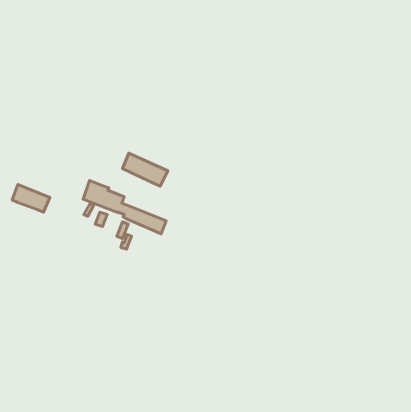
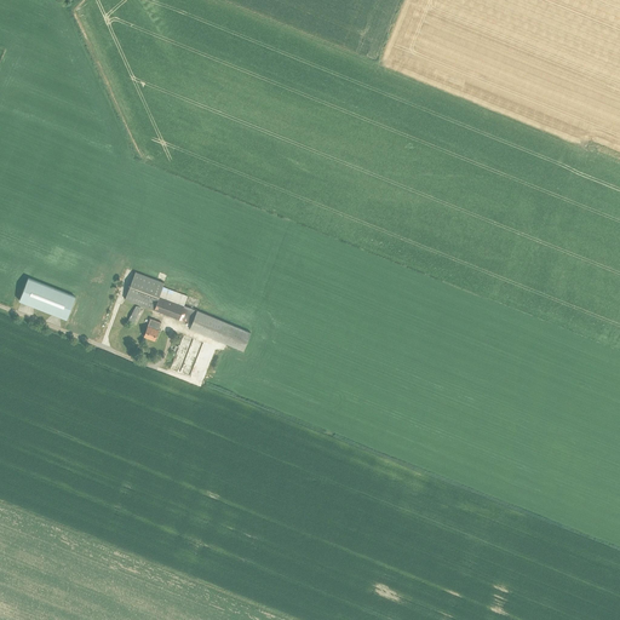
building: [123,153,168,186] -> none

